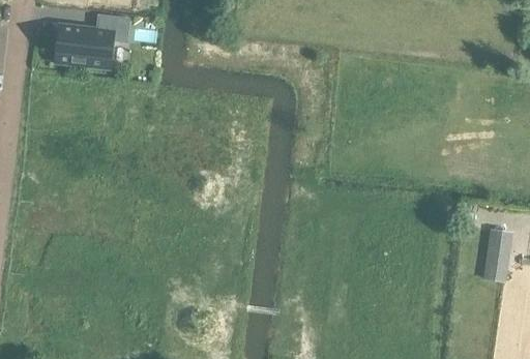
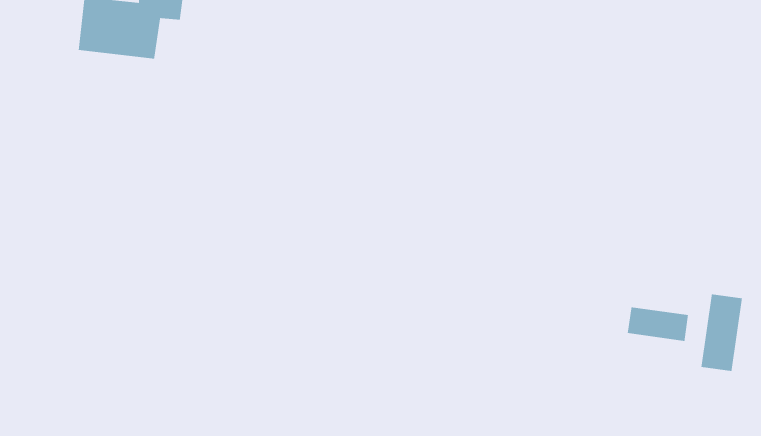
building: none -> [627,306,689,342]

